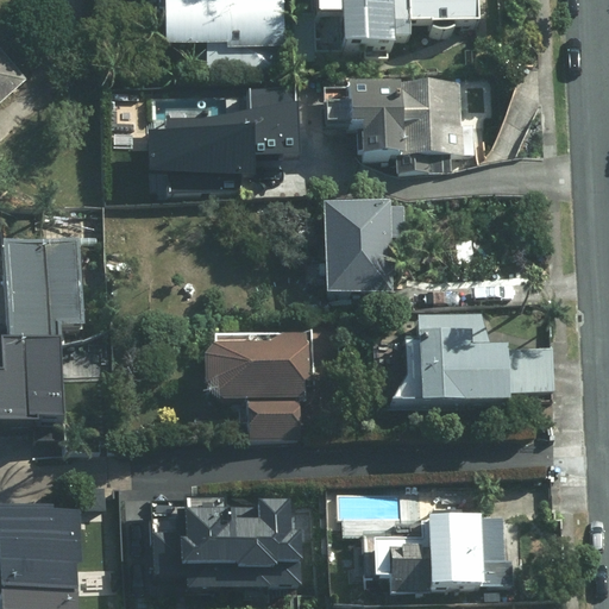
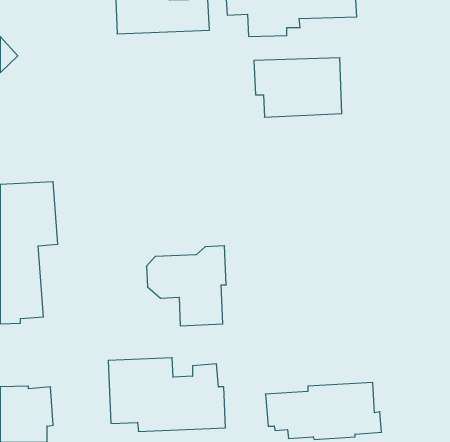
building: [146,86,301,195] -> none
building: [319,203,393,293] -> none
building: [385,310,558,406] -> none

